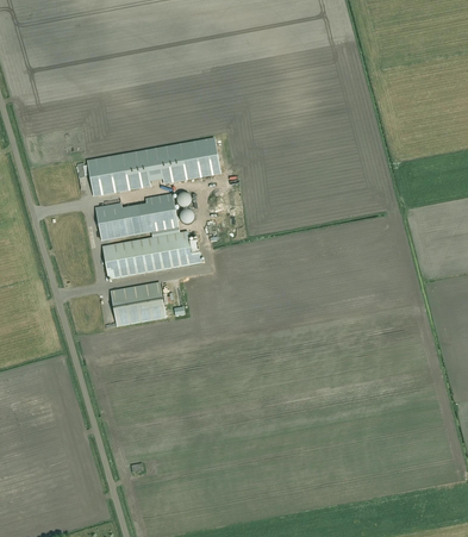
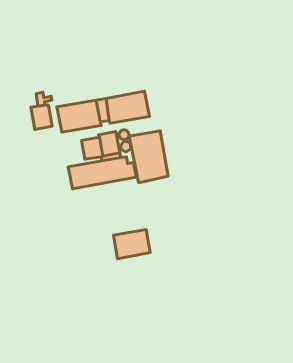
building: none -> [129,131,168,182]
building: [95,205,126,241] -> [31,105,52,129]
building: [111,283,164,326] -> [113,229,150,259]

